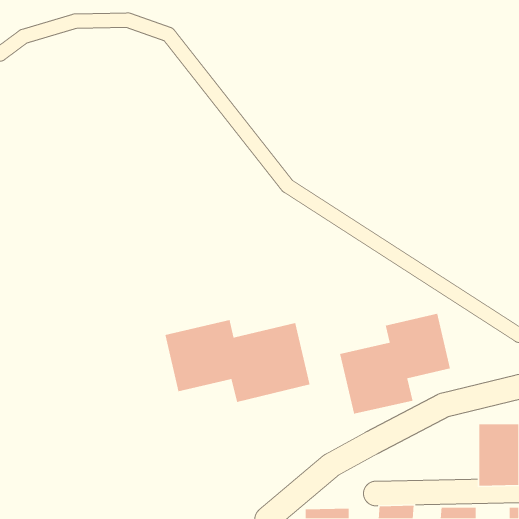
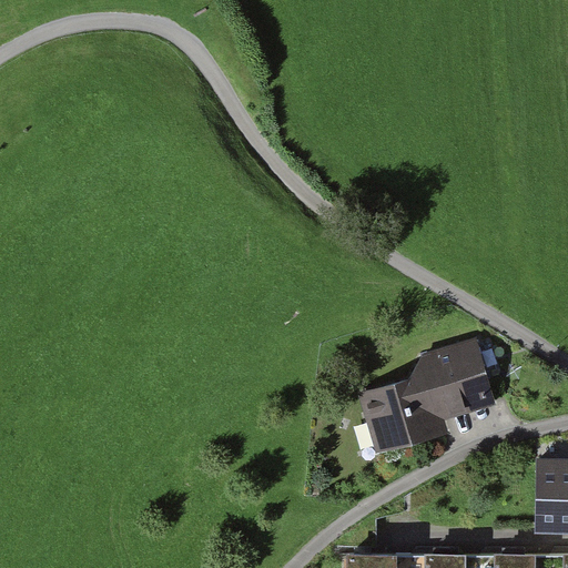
building: [165,319,310,403] -> none

